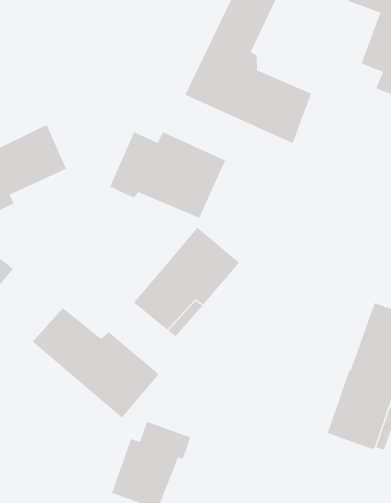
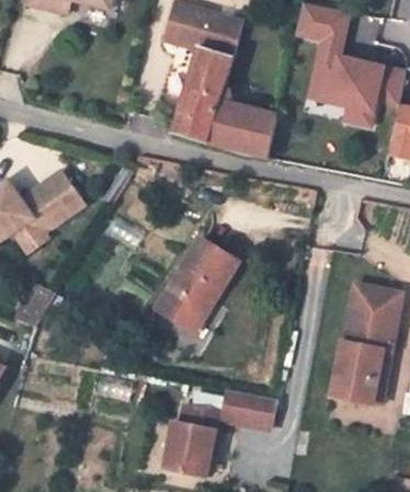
building: [109,131,226,218] -> none
building: [32,307,159,418] -> none
building: none -> [220,390,274,426]

